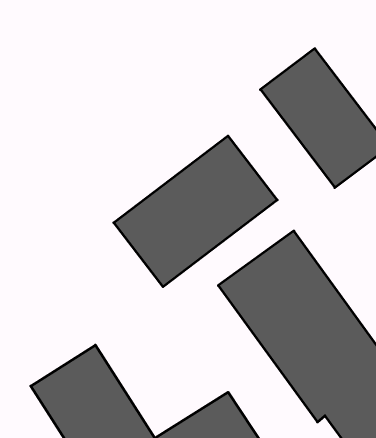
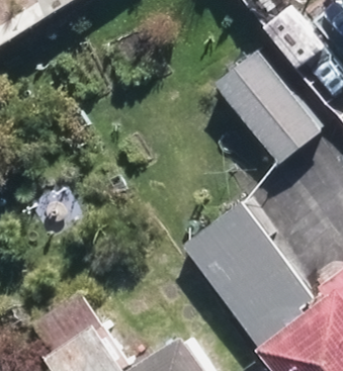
building: [114,136,277,287] -> none

